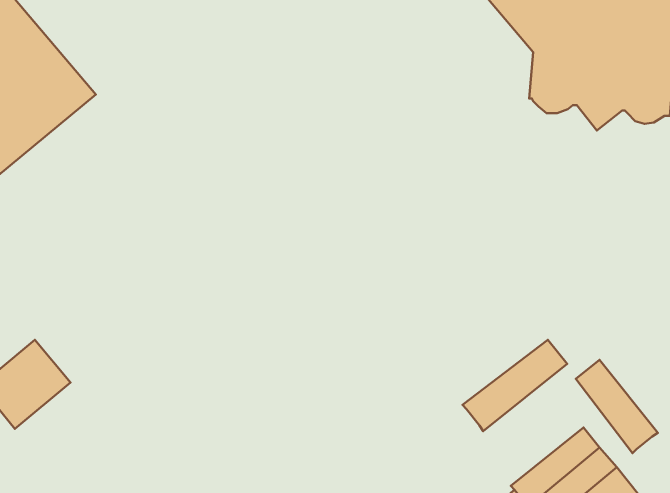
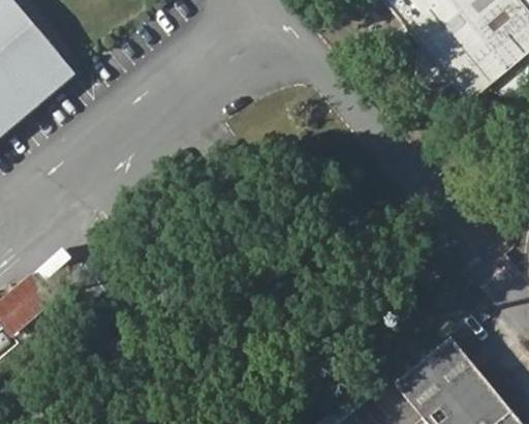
building: [463,340,567,431] -> none
building: [576,360,658,453] -> none

